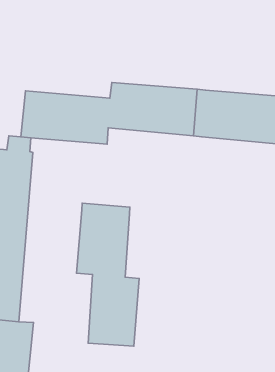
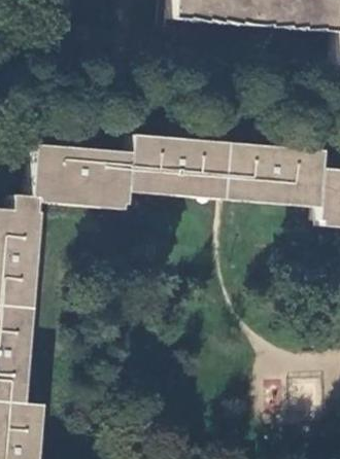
building: [77,203,139,346] -> none

